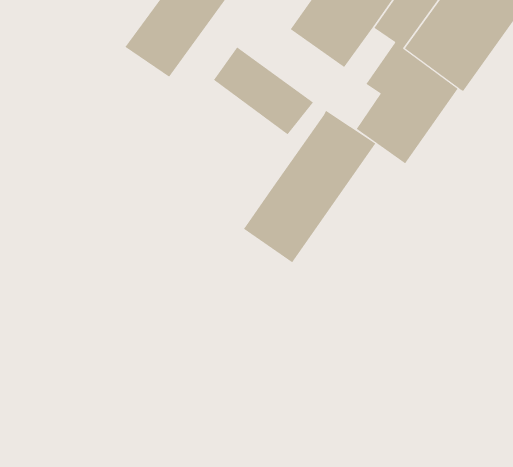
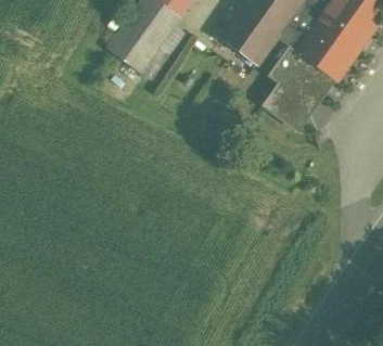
building: [213,47,314,135] -> none
building: [243,110,376,263] -> none

